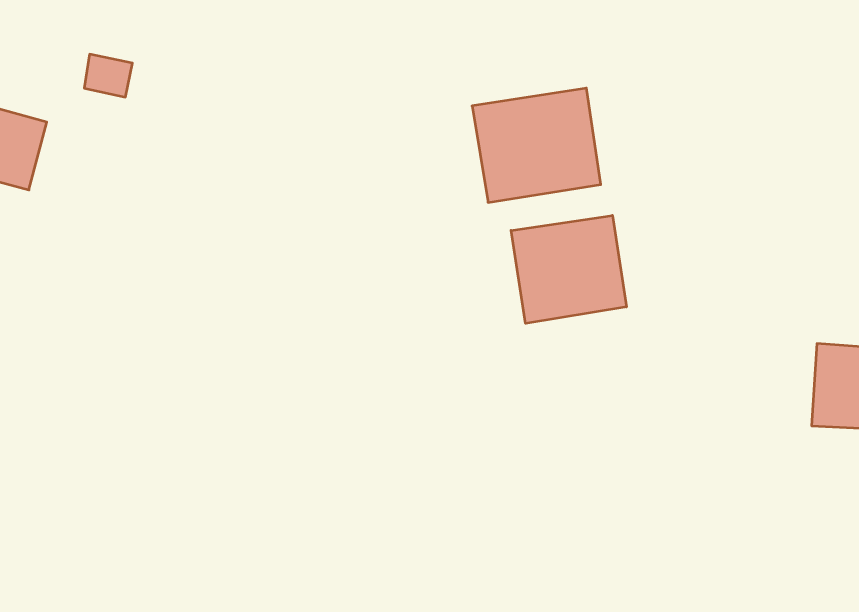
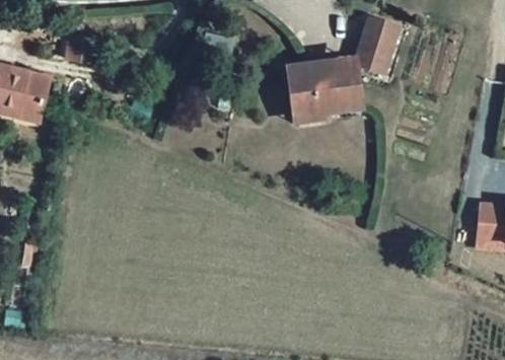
building: none -> [354,12,407,70]
building: [511,215,626,323] -> none

